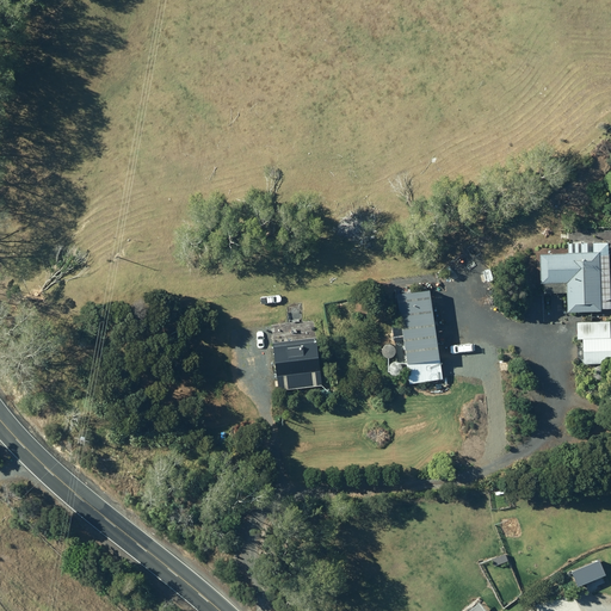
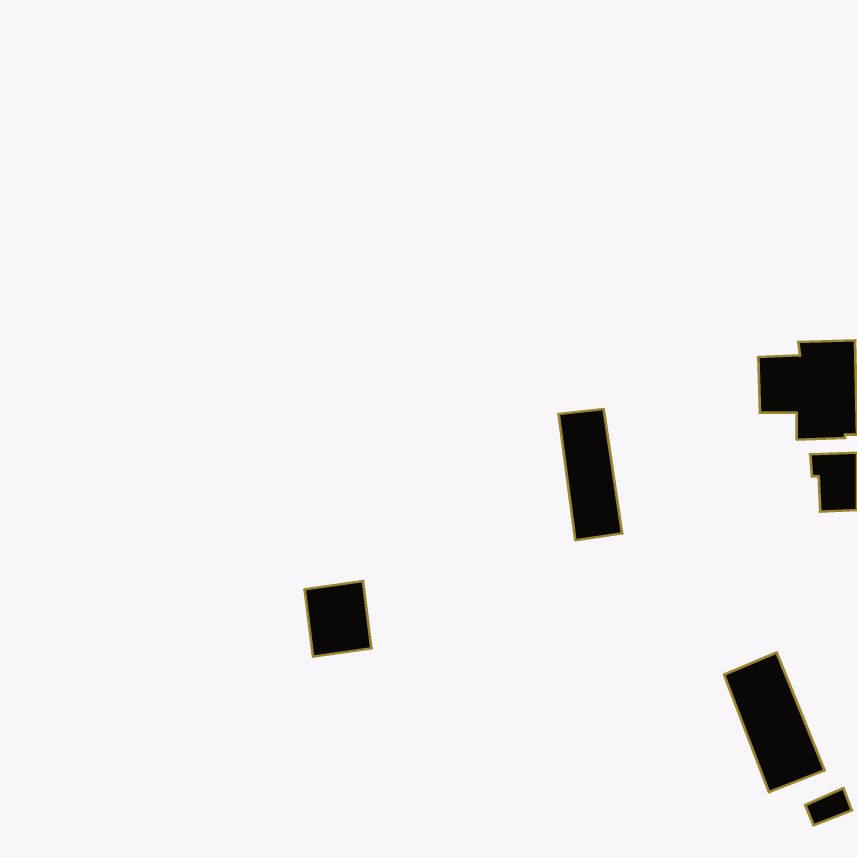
building: [273,338,321,391] -> [304,581,372,657]
building: none -> [724,653,824,792]

